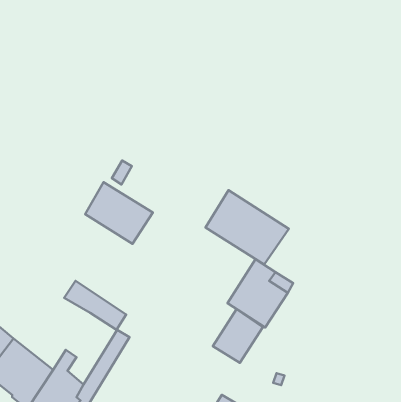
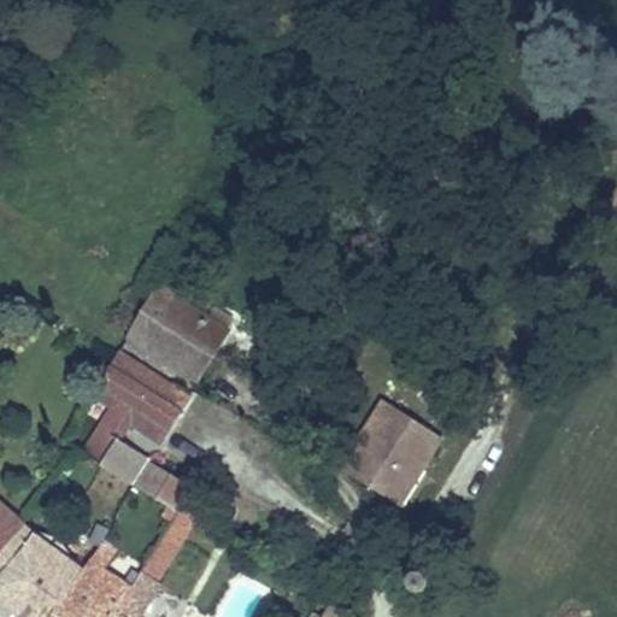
building: [206,190,289,265] -> none
building: none -> [90,351,188,441]
building: [213,309,263,363] -> none

